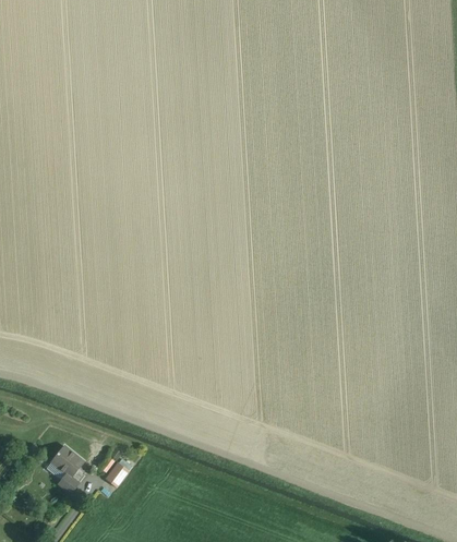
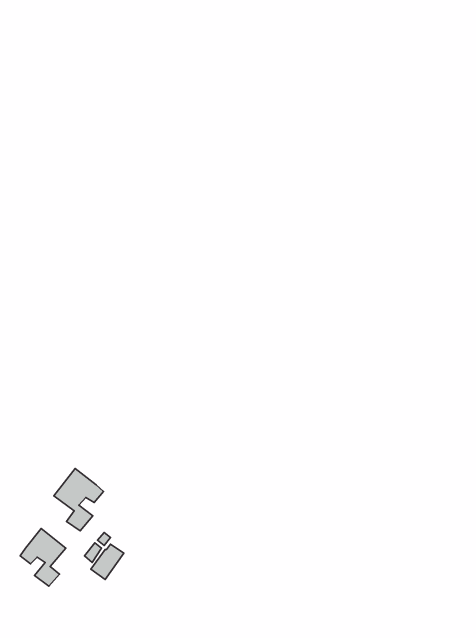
building: none -> [54,469,103,531]

